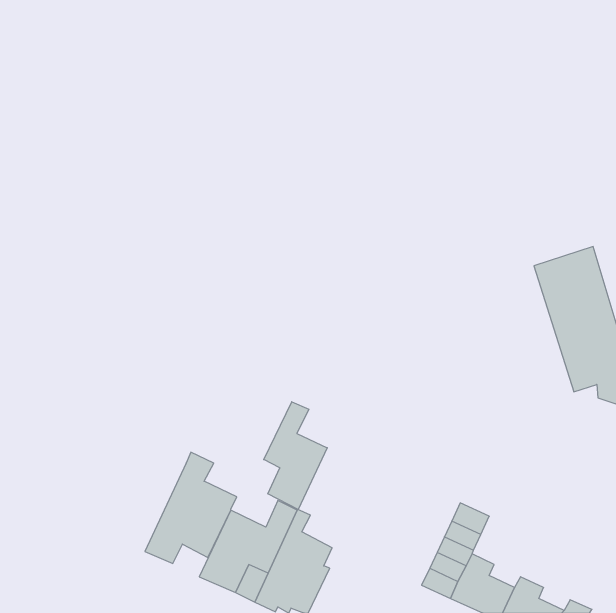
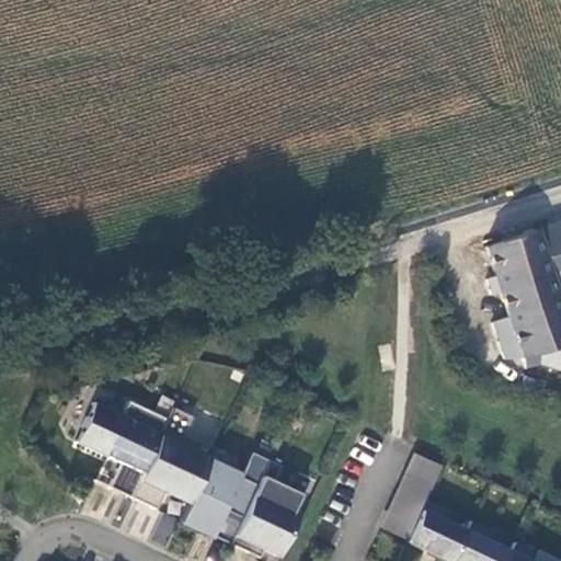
building: [264,402,327,509] -> none
building: none -> [78,402,170,500]

